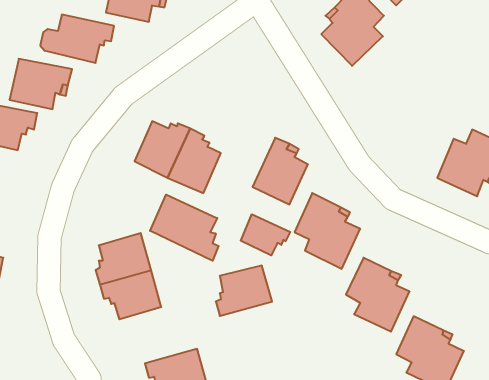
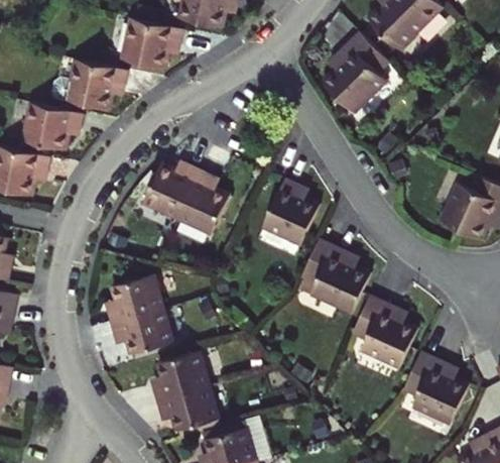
building: [150,195,219,261] -> none
building: [241,214,290,255] -> none
building: [216,266,272,316] -> [151,353,207,402]

